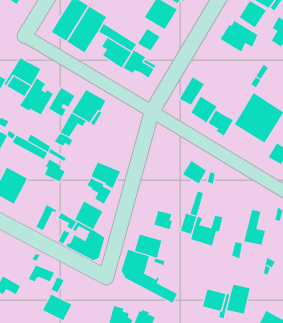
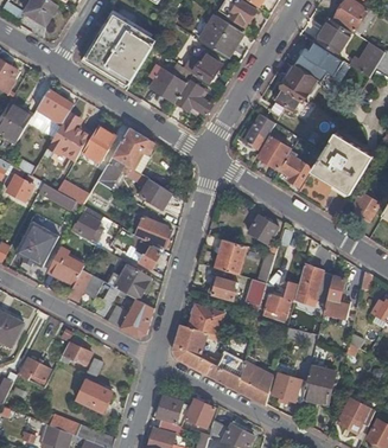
building: none -> [269,66,314,116]
building: none -> [139,178,172,209]
building: none -> [215,239,247,275]
building: none -> [49,248,84,284]
building: none -> [294,263,322,302]
building: none -> [236,363,273,405]

